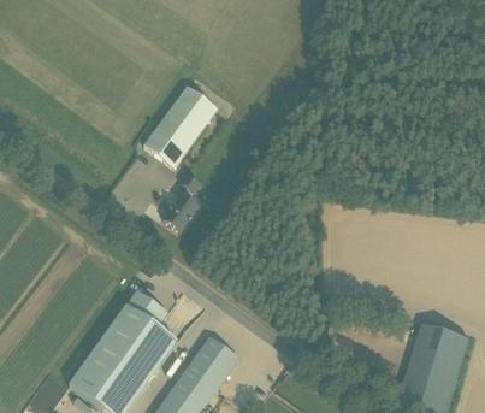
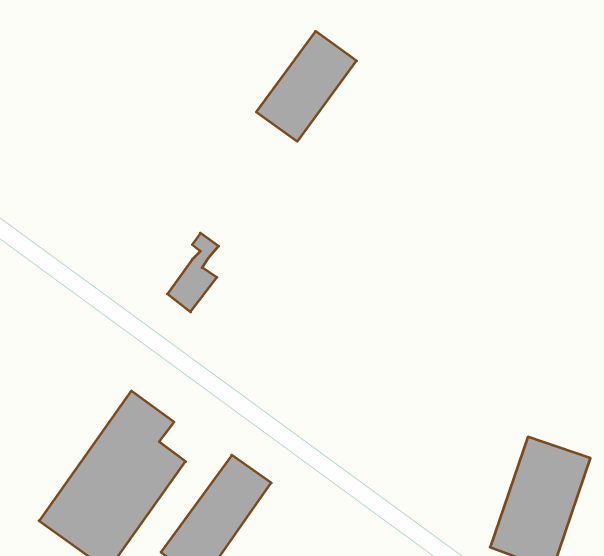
building: [143,84,217,165] -> [256,31,357,141]

